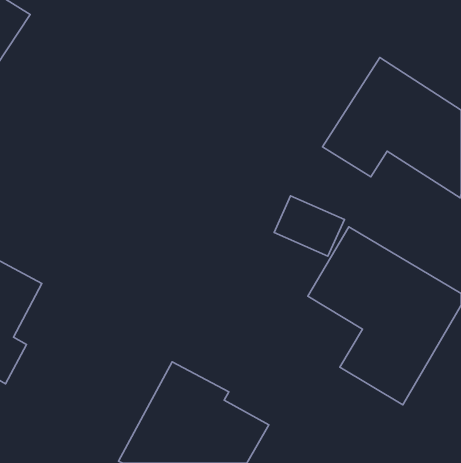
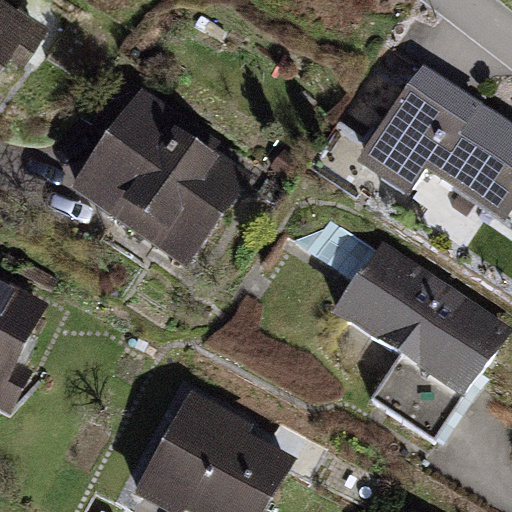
building: none -> [72,90,252,262]

